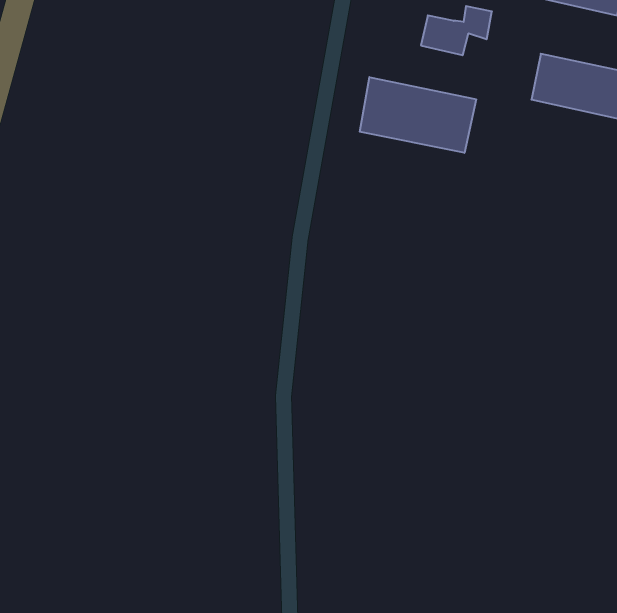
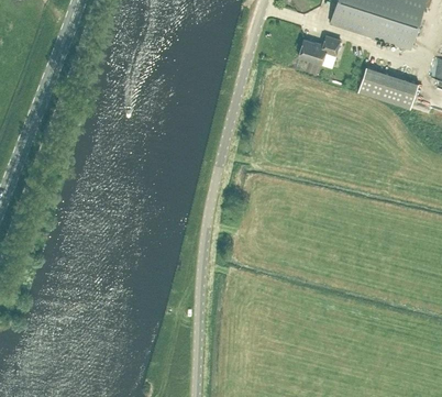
building: [360,77,476,153] -> none

